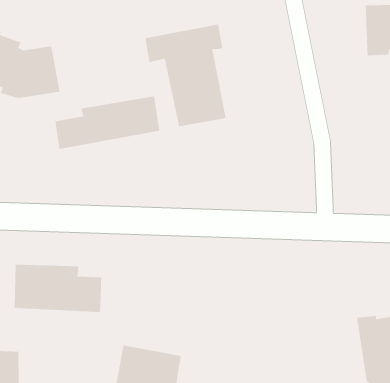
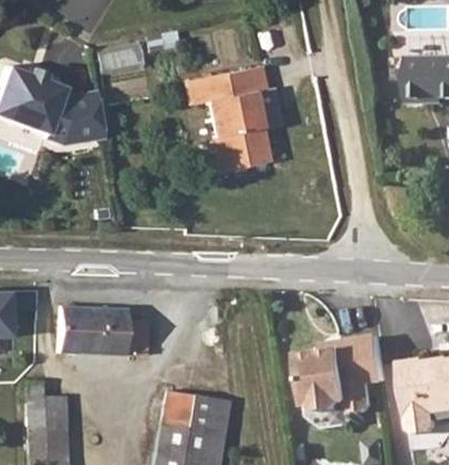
building: [55,96,160,150] -> none
building: none -> [302,339,389,414]

